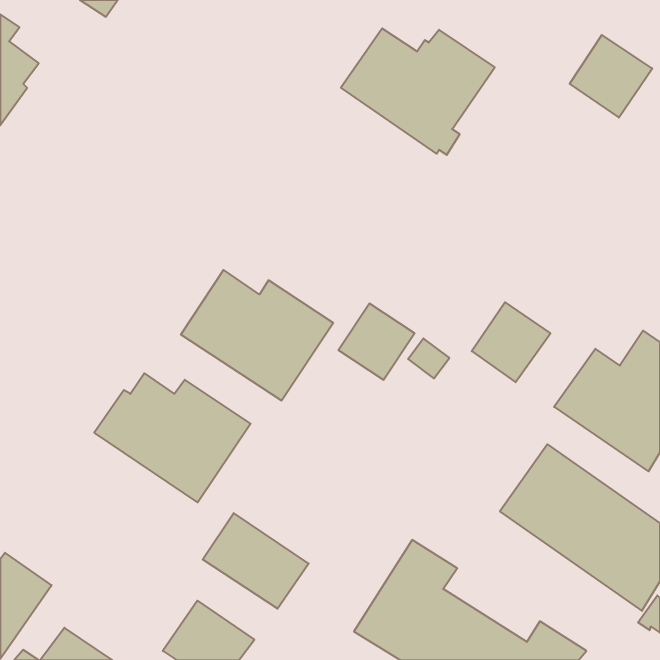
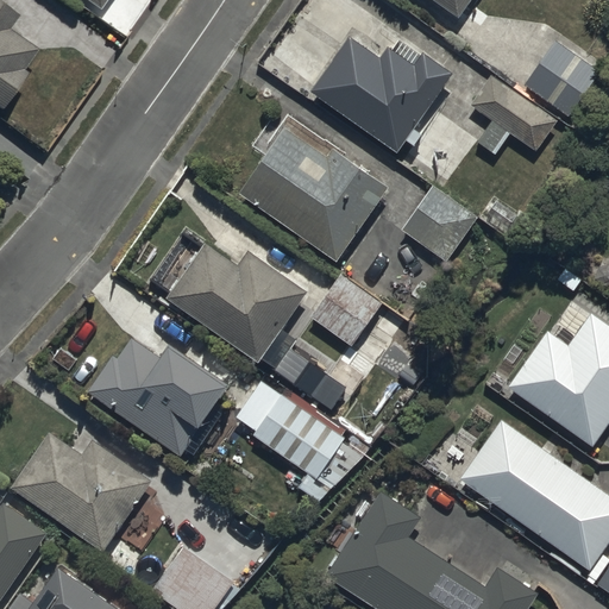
building: none -> [471,68,558,149]
building: none -> [238,133,389,266]
building: [472,302,550,382] -> [404,177,477,251]
building: none -> [272,343,341,408]
building: none -> [11,438,155,557]
building: [203,513,309,609] -> [249,397,346,485]

